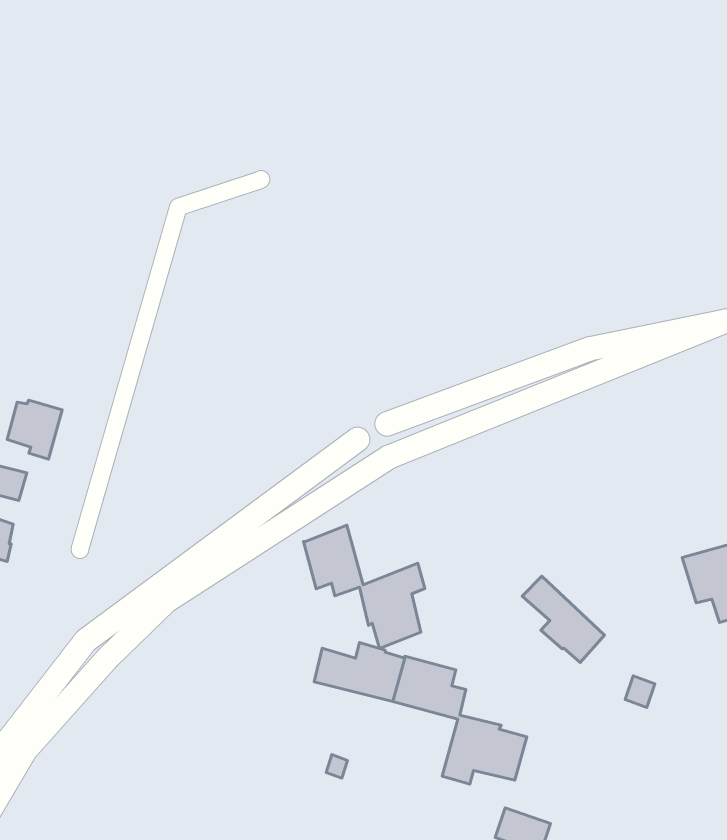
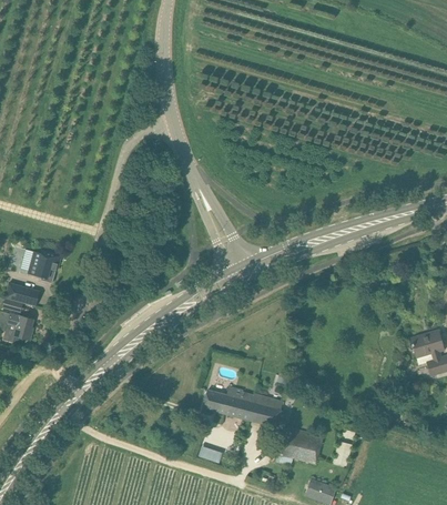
building: [304,525,425,649] -> none
building: [522,576,604,662] -> none

